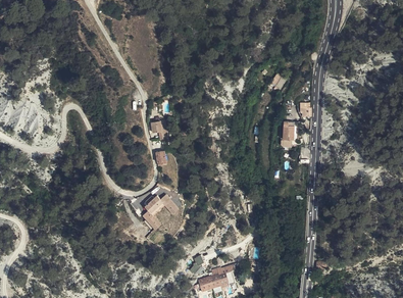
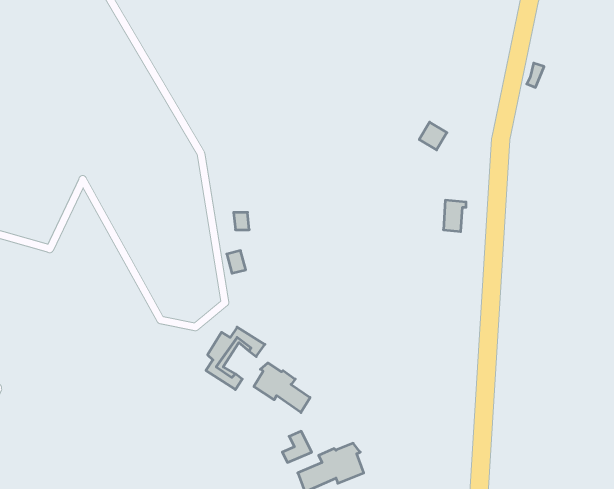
building: none -> [254,363,310,413]

